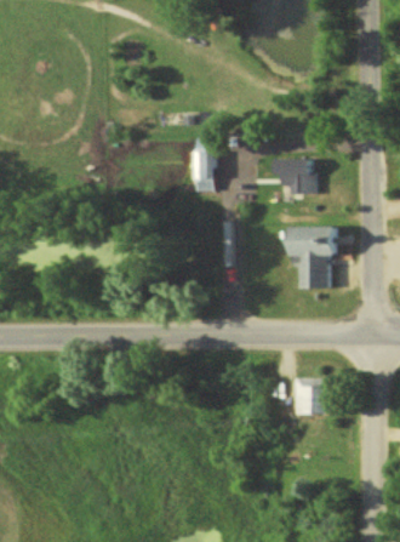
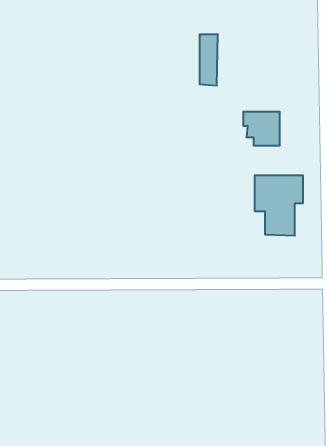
building: [194,138,213,192] -> [200,34,218,85]
building: [293,377,331,413] -> none

